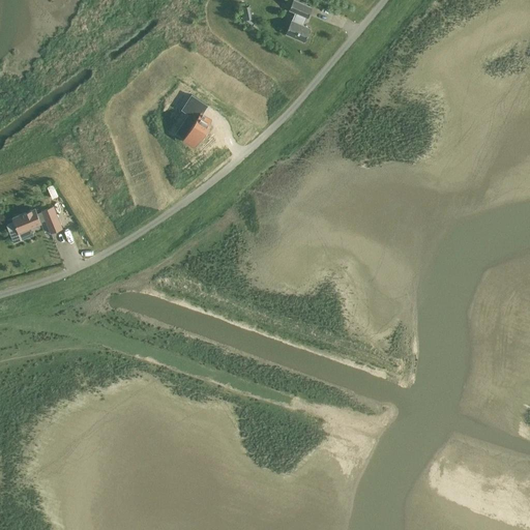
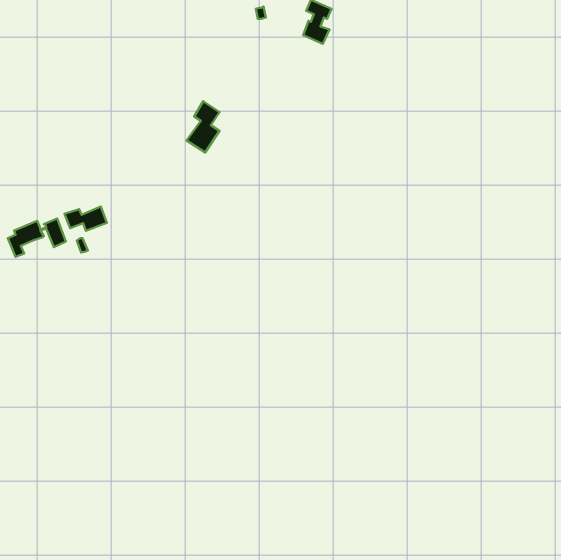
building: none -> [64,206,107,231]

